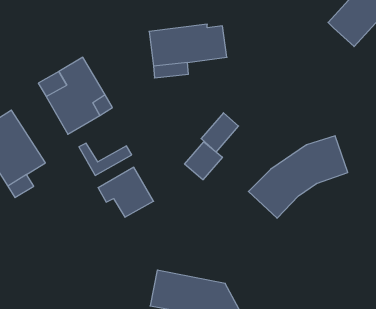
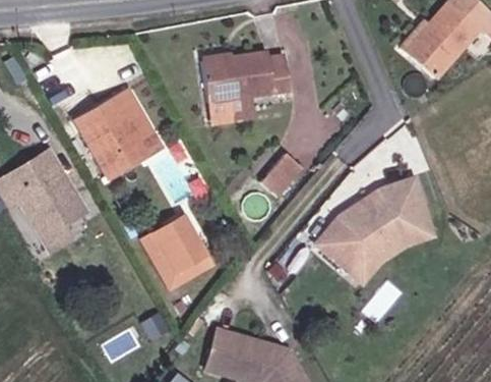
building: [185,142,222,180] -> none
building: [79,143,132,175] -> [154,251,213,287]
building: none -> [348,221,433,284]

